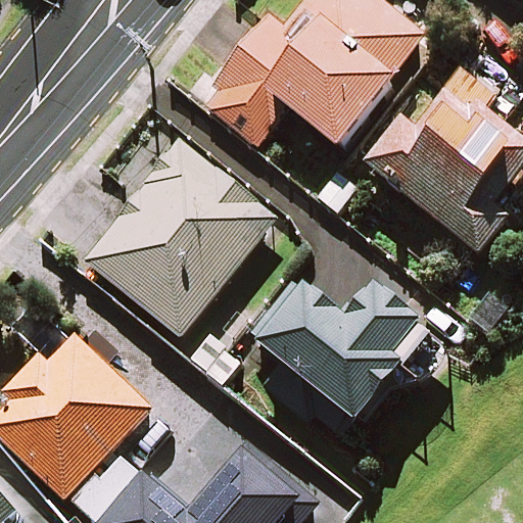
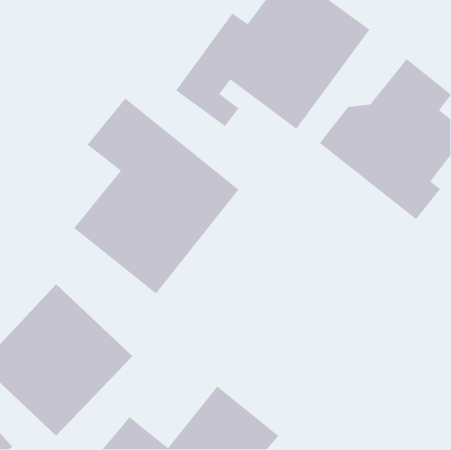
building: [247,273,432,425] -> none

